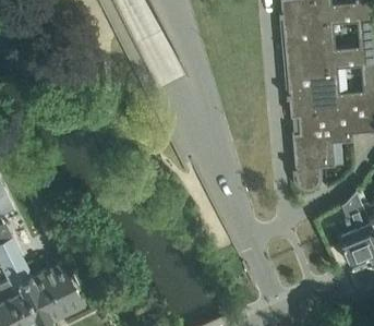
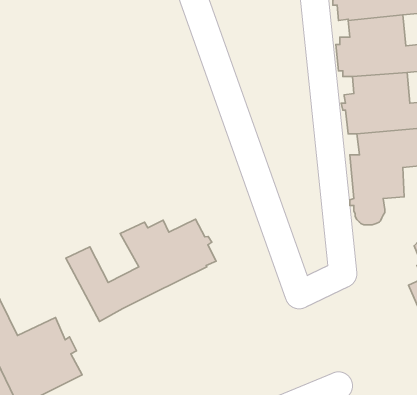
building: none -> [66,219,216,321]

